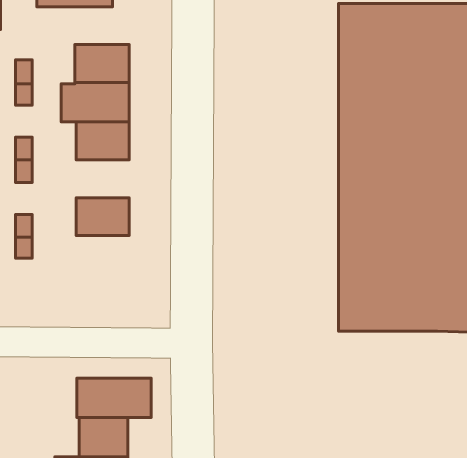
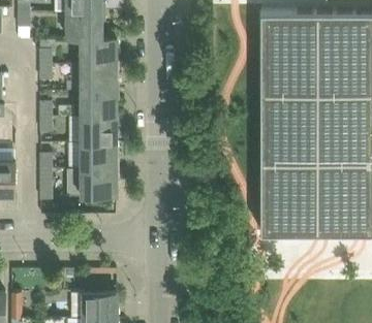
building: none -> [66,12,106,38]
building: none -> [82,117,118,142]
building: [77,378,151,417] -> [67,168,118,195]

